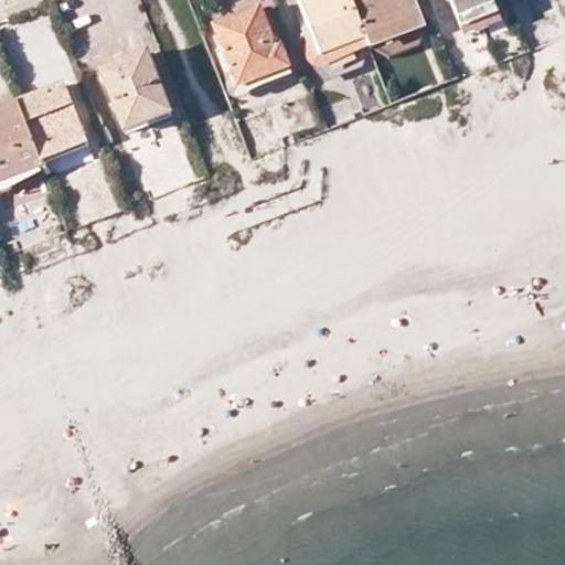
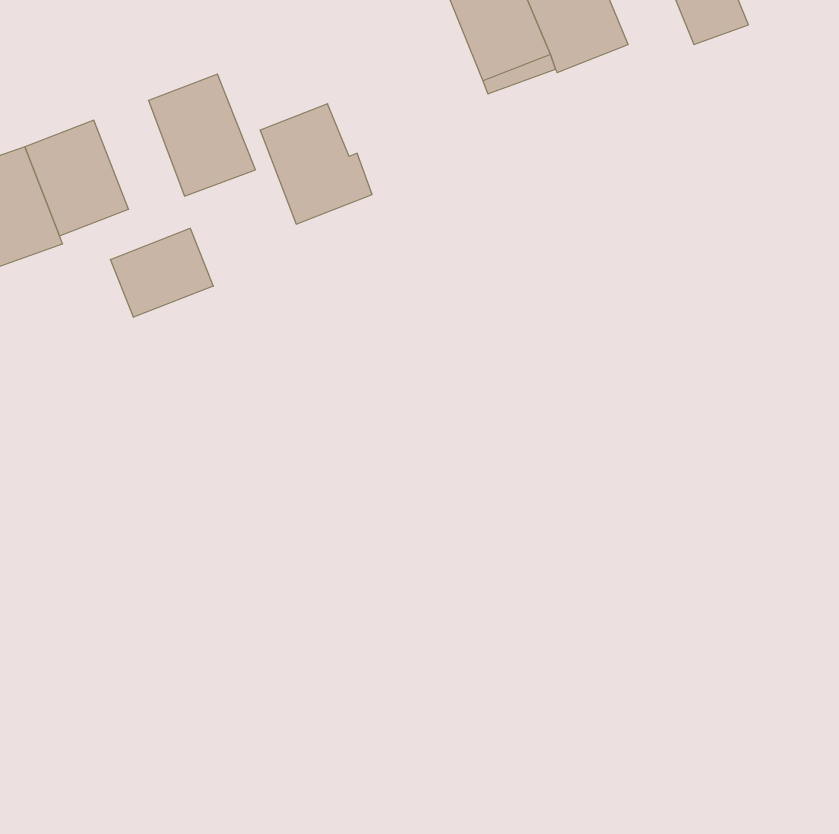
building: [217,9,292,89] -> [260,104,372,224]
building: none -> [110,228,213,317]

